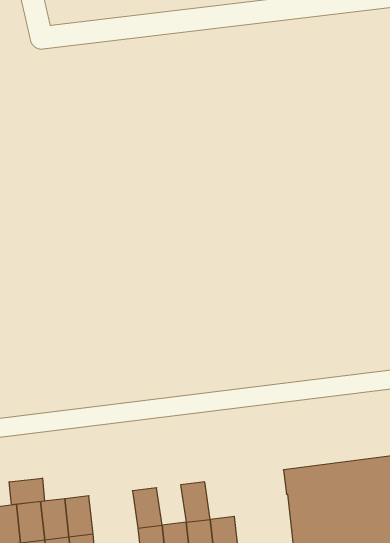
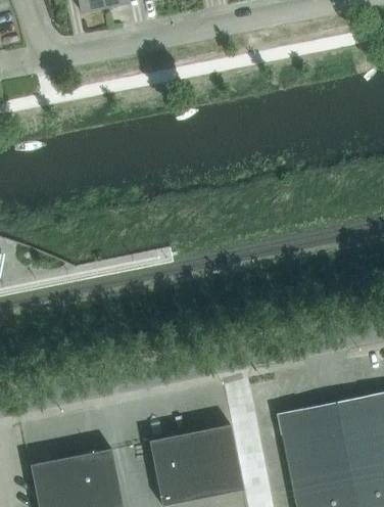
building: [9,478,45,505] -> none
building: none -> [211,425,239,461]
building: none -> [171,433,198,469]

